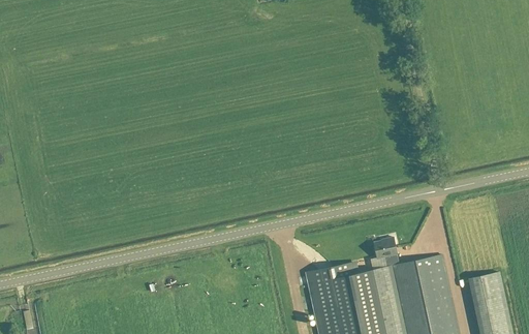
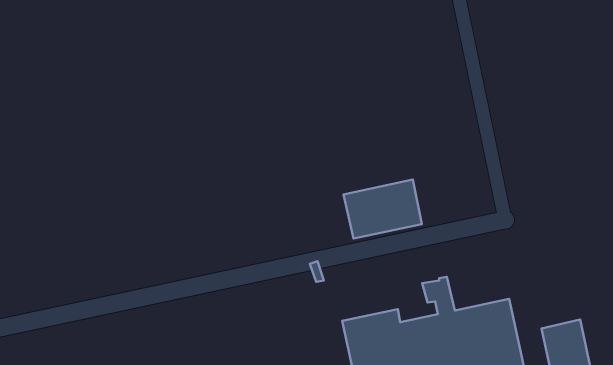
building: none -> [343,179,422,239]

